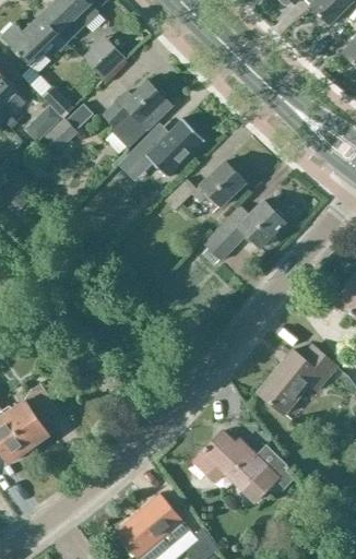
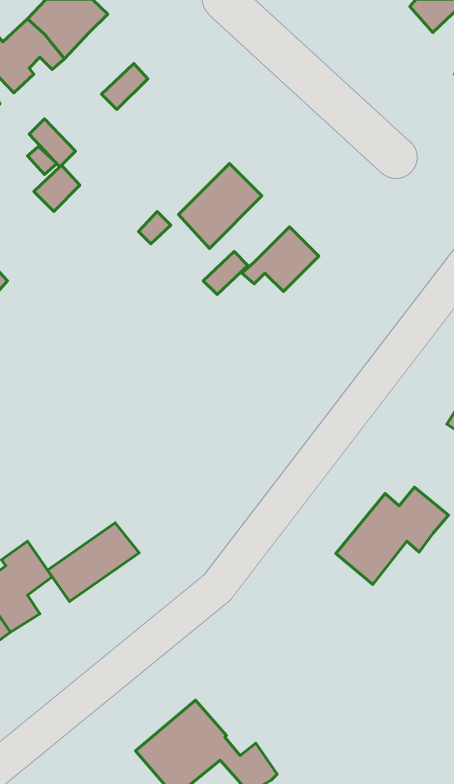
building: [104,81,171,148] -> none
building: [202,201,286,258] -> none
building: none -> [48,523,139,602]
building: [193,432,294,502] -> none

